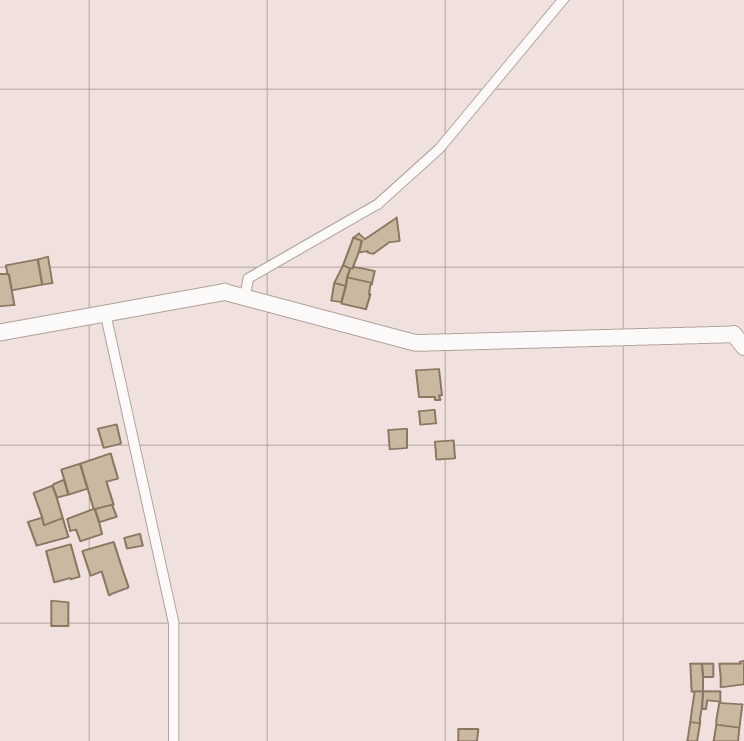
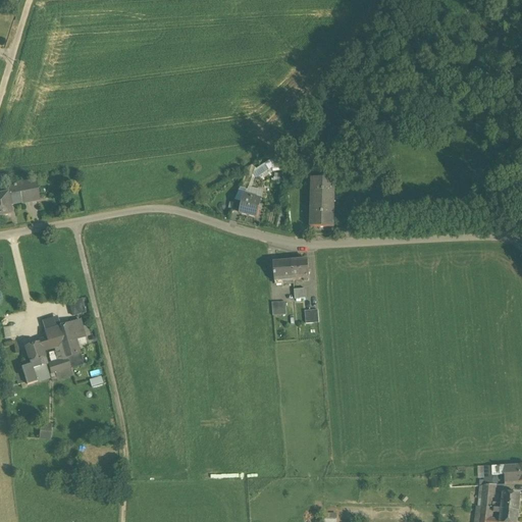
building: none -> [309,176,334,225]
building: none -> [272,259,293,280]
building: [83,542,128,595] -> none
building: [46,544,79,582] -> none

